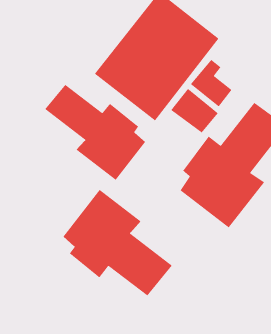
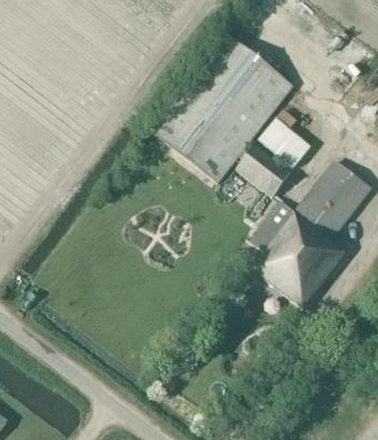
building: [44,84,146,181] -> none
building: [63,189,173,296] -> none

